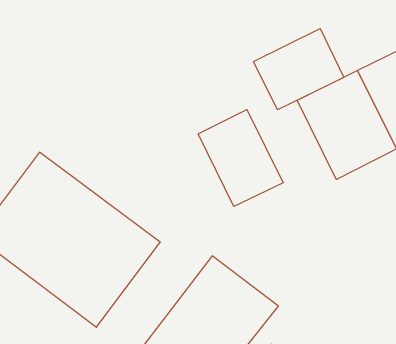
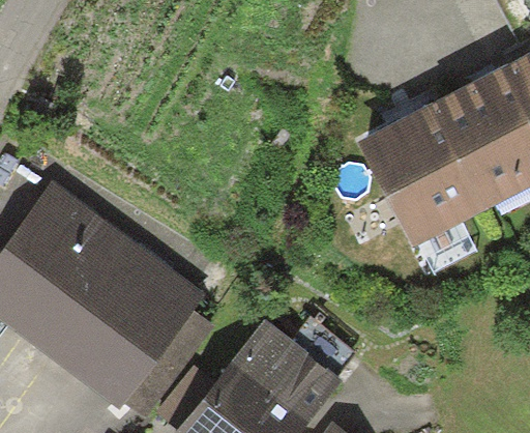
building: [254,29,344,110] -> none
building: [198,110,283,206] -> none

